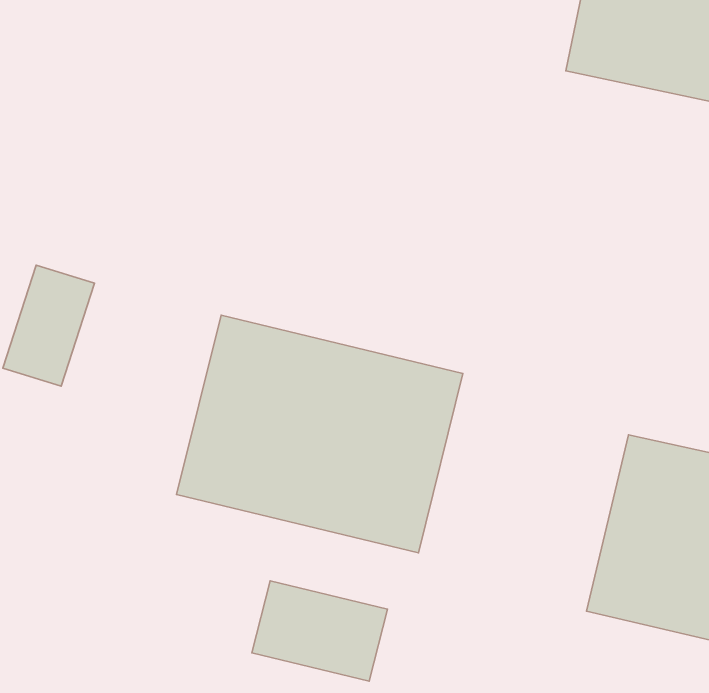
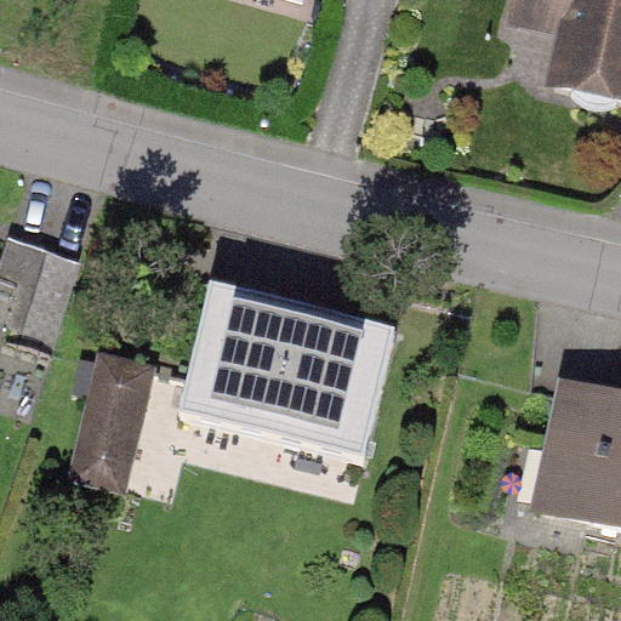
building: none -> [76,335,161,477]
building: [252,581,387,681] -> none

